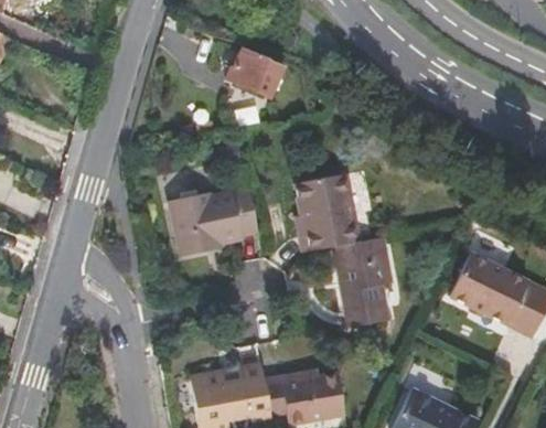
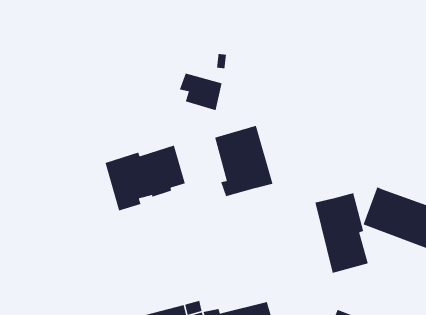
building: [234,49,283,95] -> [179,72,222,111]
building: [334,236,389,325] -> [314,192,369,274]

